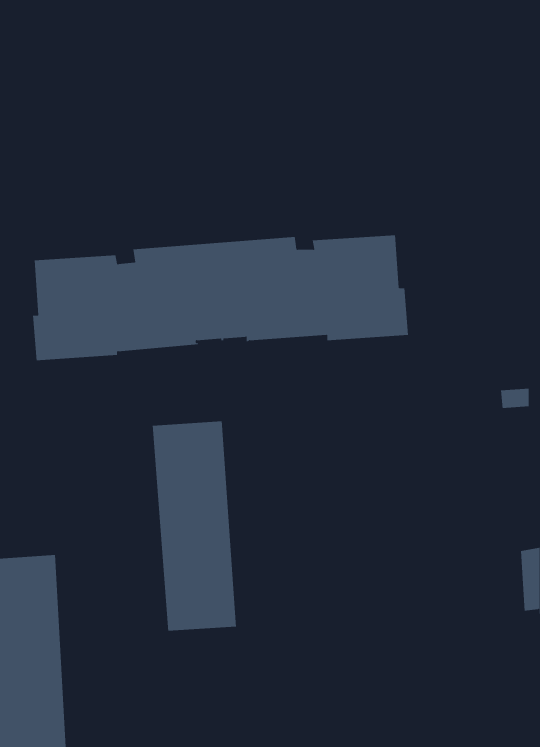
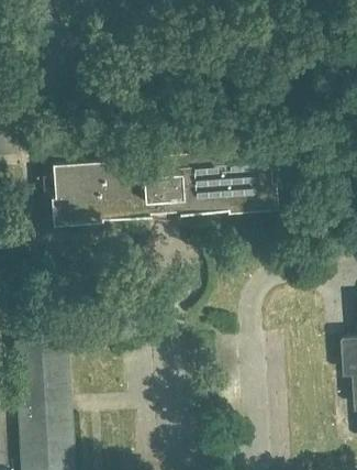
building: [152,421,237,632] -> none

